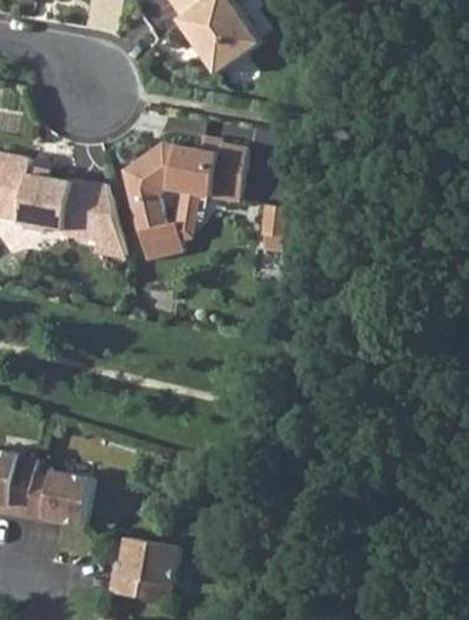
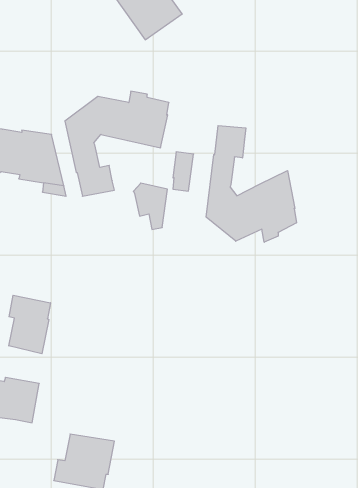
building: none -> [206,126,296,242]
building: [156,184,196,239] -> [133,183,167,229]
building: none -> [9,295,50,354]

